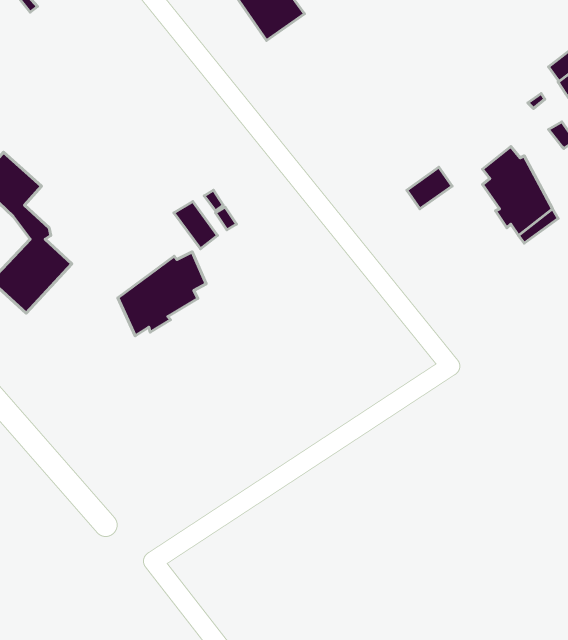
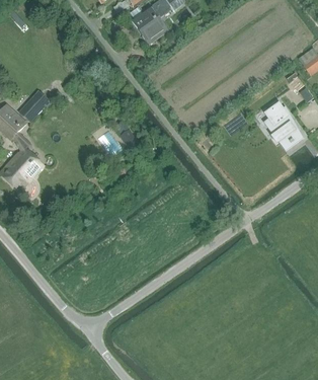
building: none -> [18,93,47,122]
building: [118,252,206,336] -> none

